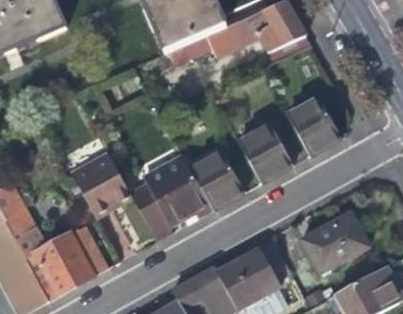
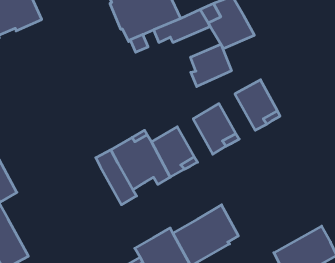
building: none -> [191,44,231,87]
building: [71,152,132,216] -> none
building: [302,211,370,274] -> none
building: [26,232,94,299] -> none

